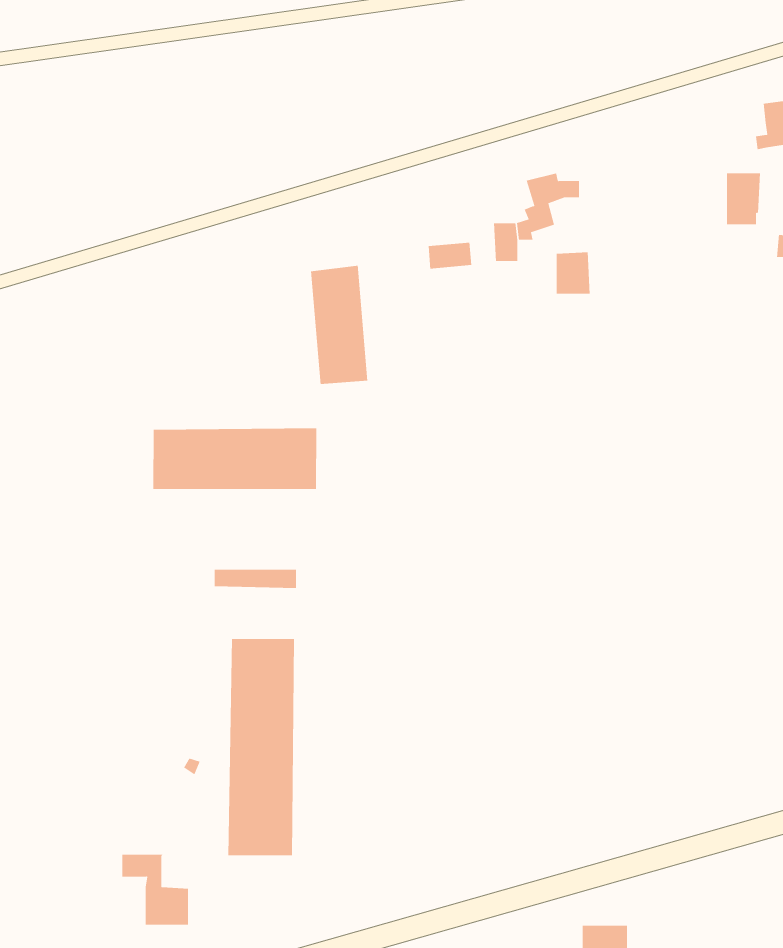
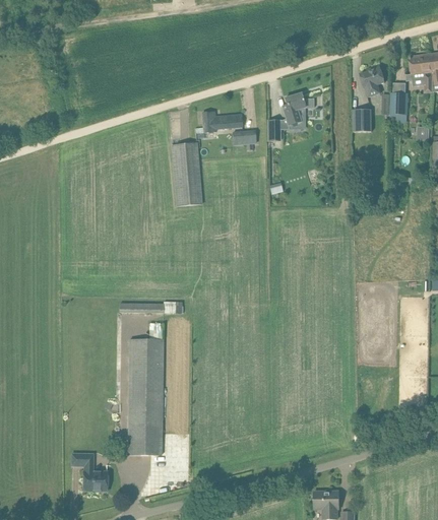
building: none -> [360,65,385,96]
building: none -> [202,111,242,132]
building: [556,252,590,294] -> [354,109,372,131]
building: [153,427,317,490] -> none

